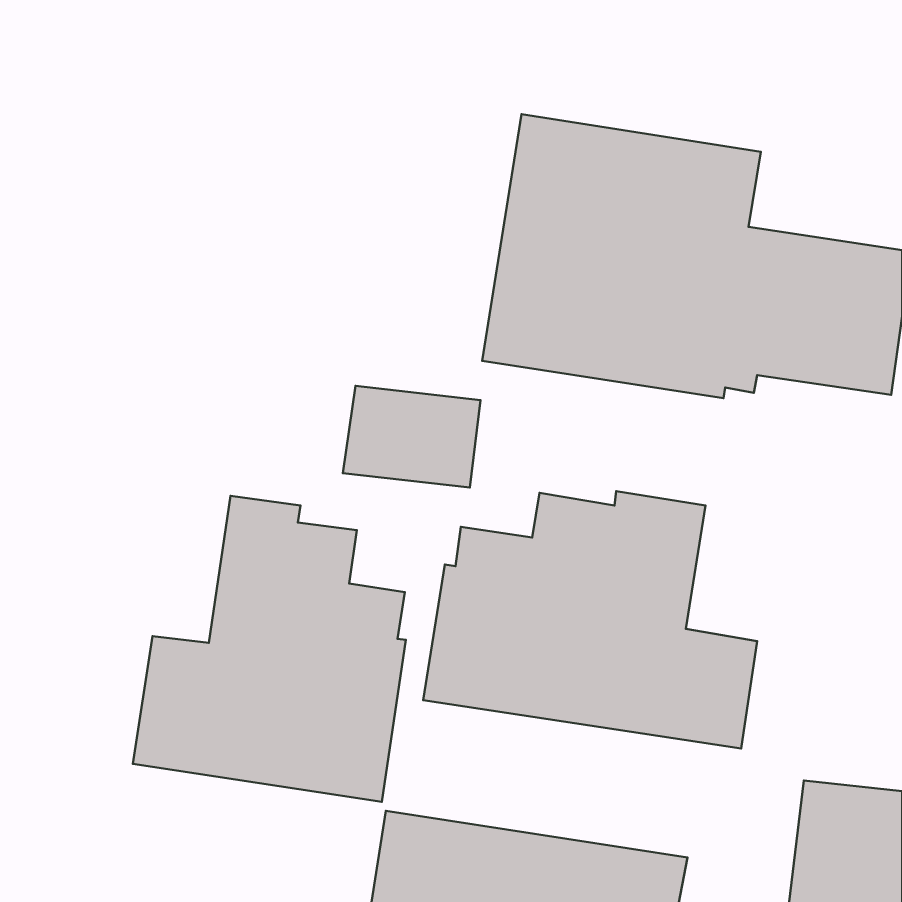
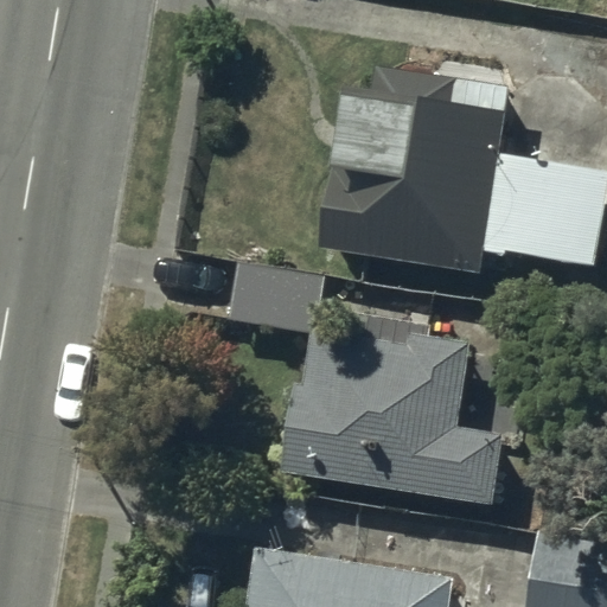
building: [133,496,406,802] -> none

